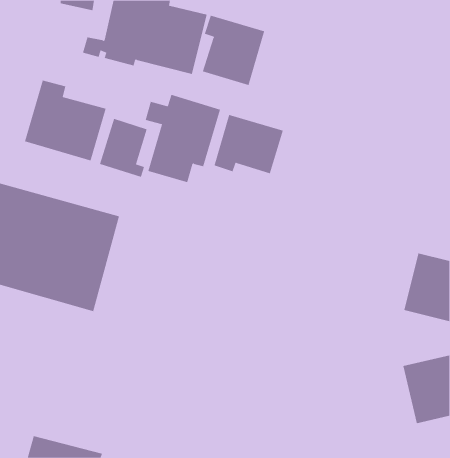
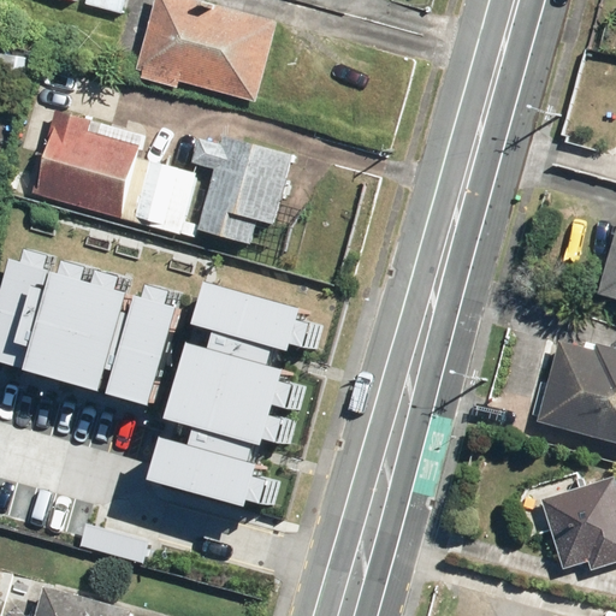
building: [202,15,265,86] -> none
building: [214,114,283,174] -> none
building: none -> [124,276,308,520]

